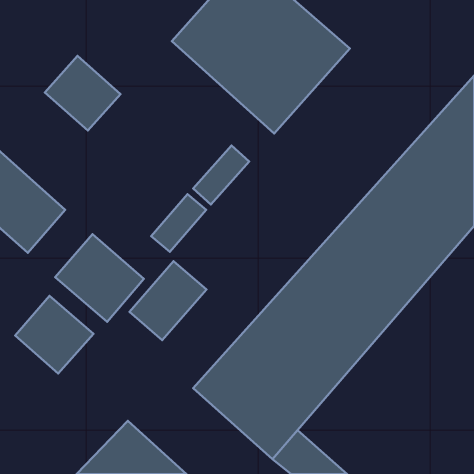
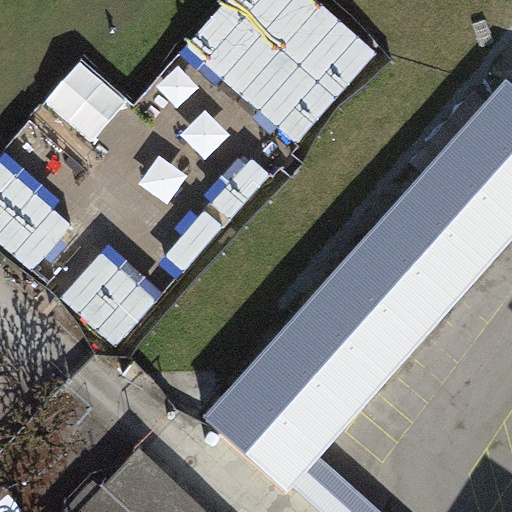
building: [129,261,206,340] -> none
building: [15,296,93,373] -> none

